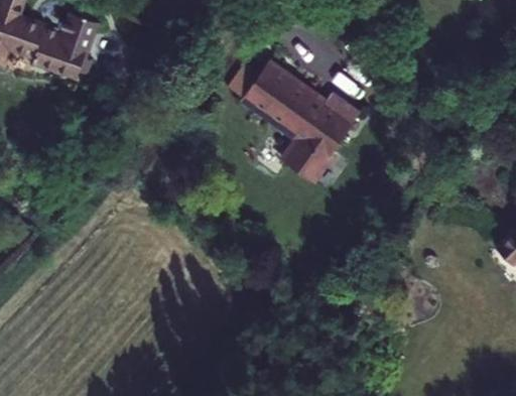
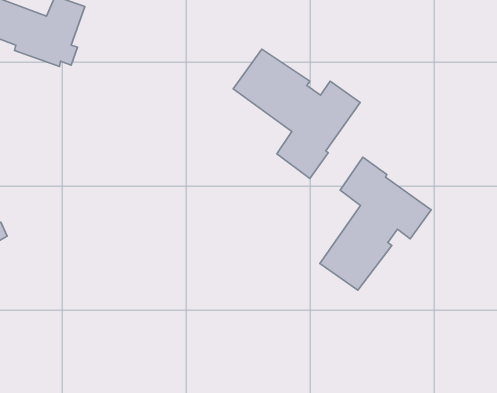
building: none -> [320,157,431,290]

